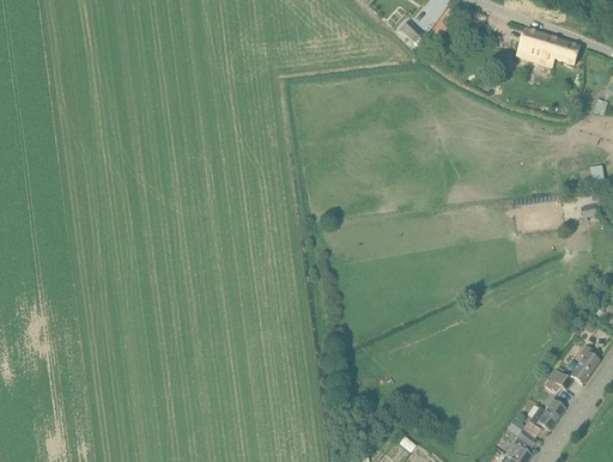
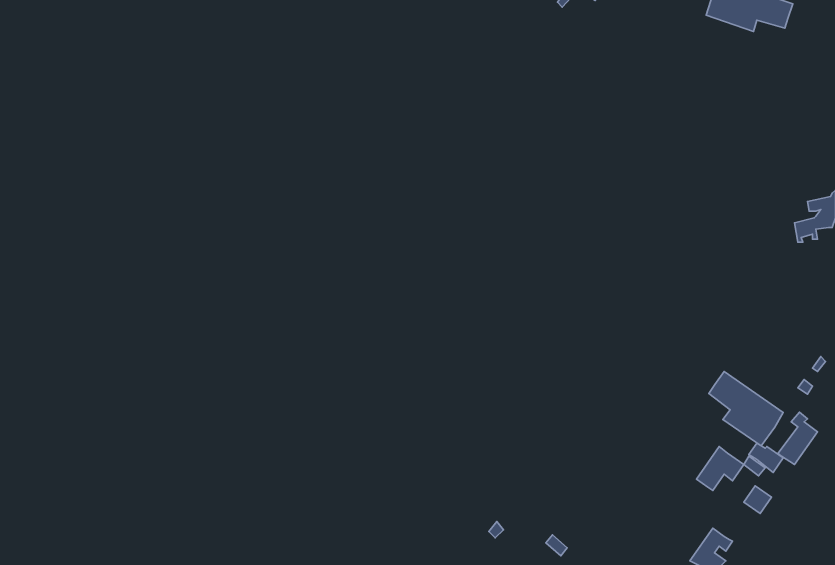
building: none -> [709,371,783,446]
building: [522,406,557,438] -> [696,446,744,491]

